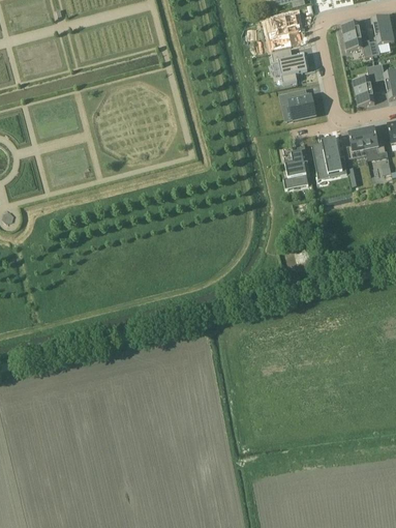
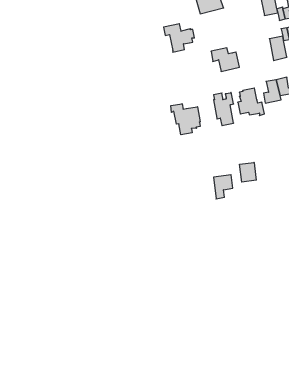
building: [271,48,309,83] -> [164,24,194,52]
building: none -> [171,104,200,135]
building: none -> [240,162,256,182]

